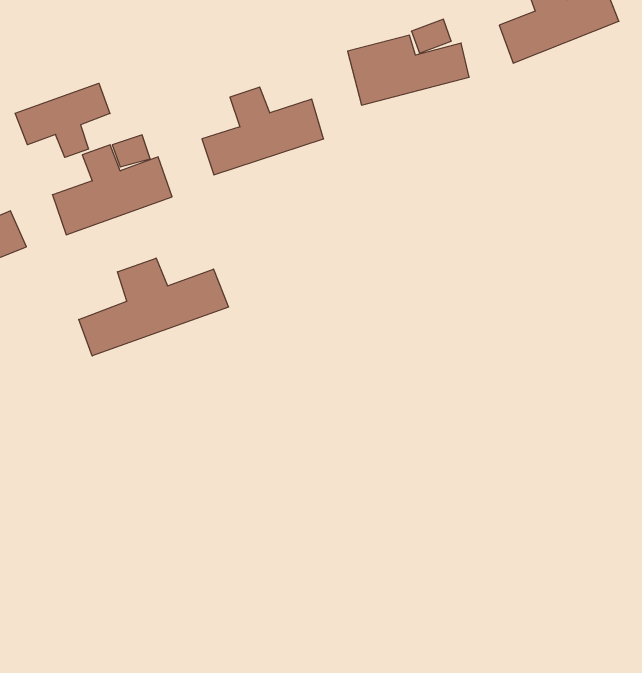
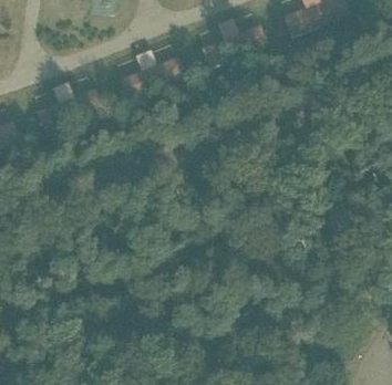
building: [15,83,110,157] -> none
building: [79,258,228,356] -> none

